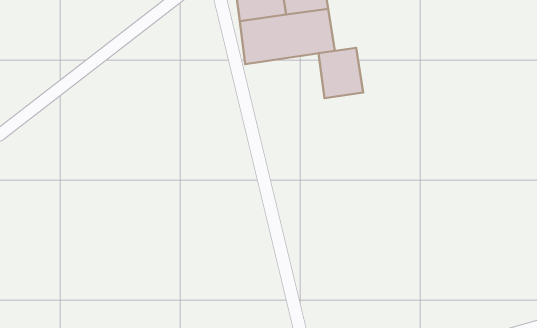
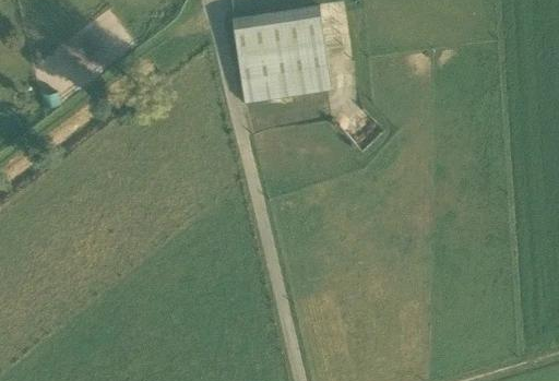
building: [318,48,363,98] -> none

